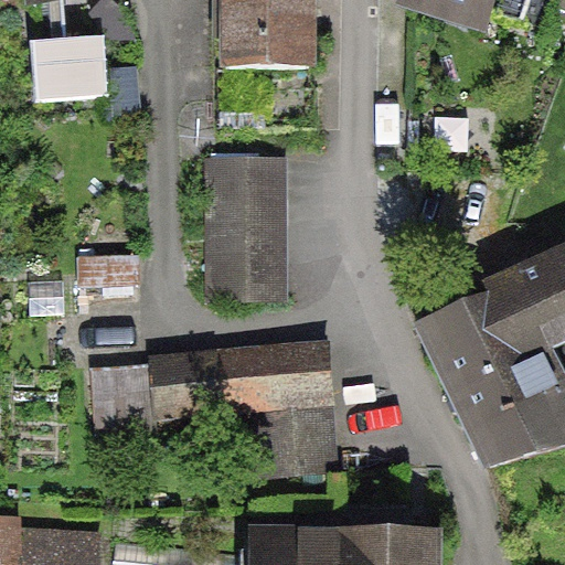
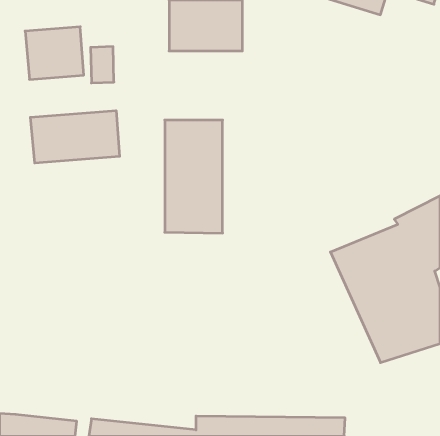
building: none -> [30,111,120,163]
building: [96,347,333,471] -> none

